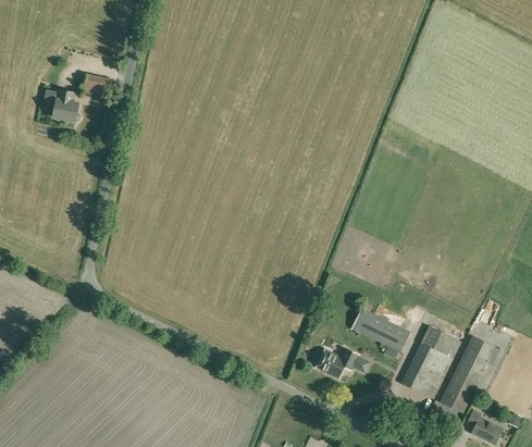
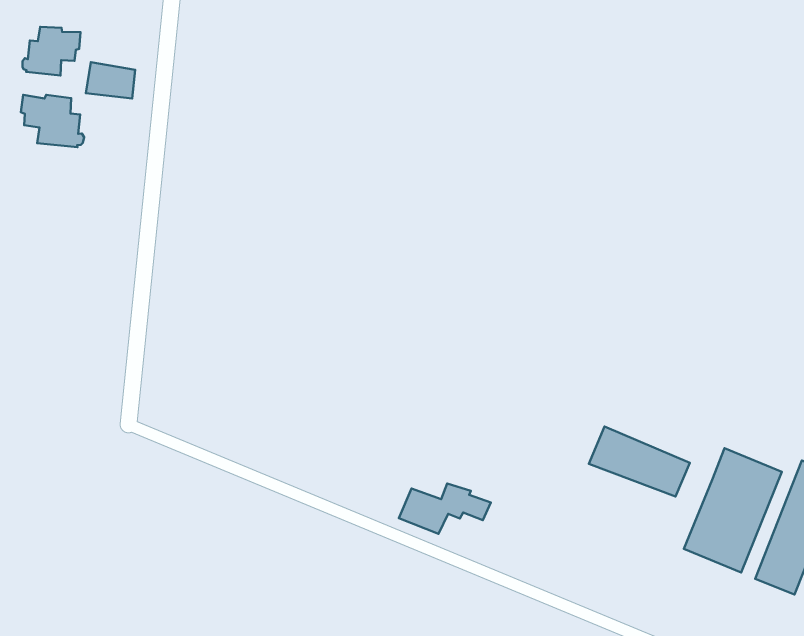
building: none -> [22,27,80,75]
building: [316,349,369,377] -> [399,483,491,534]

